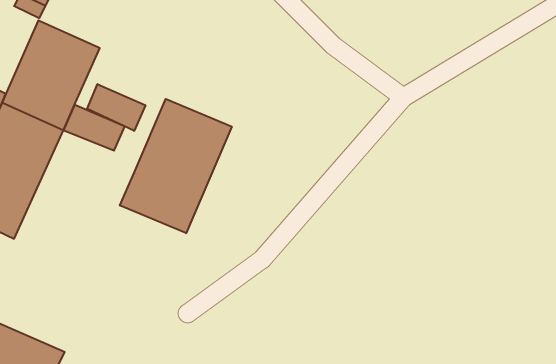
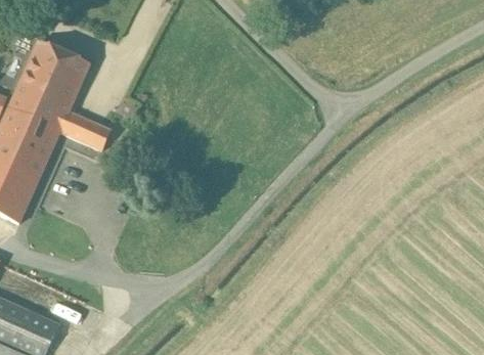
building: [87,84,145,131] -> none
building: [120,99,232,233] -> none

